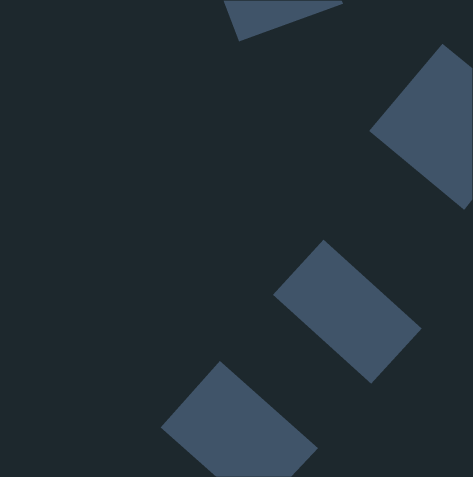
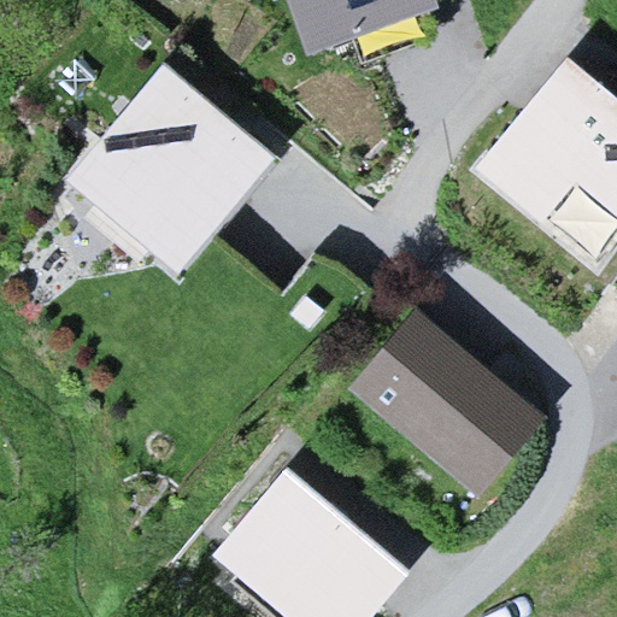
building: none -> [57,45,287,275]

